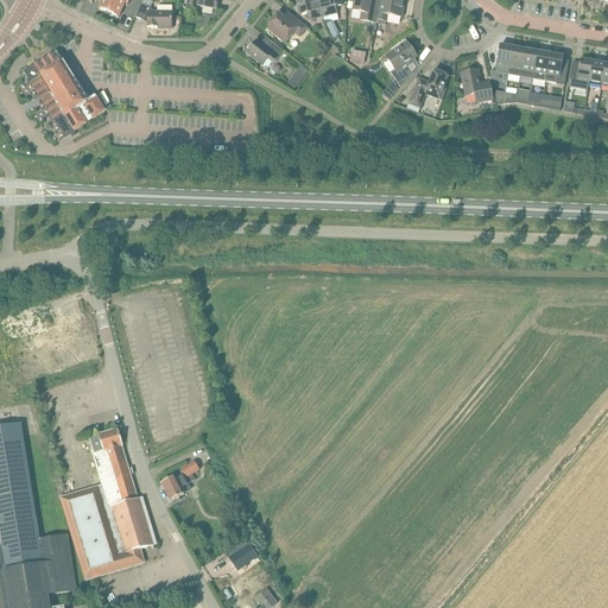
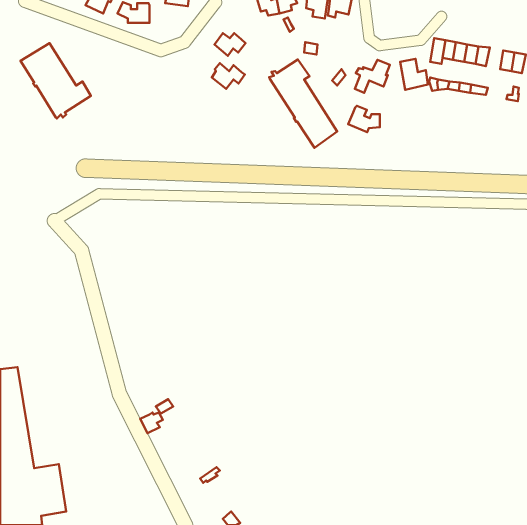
building: [268,12,306,42] -> [212,63,245,89]
building: [385,40,417,86] -> none
building: none -> [269,59,337,148]
building: none -> [348,106,380,132]
building: [59,428,156,580] -> none

